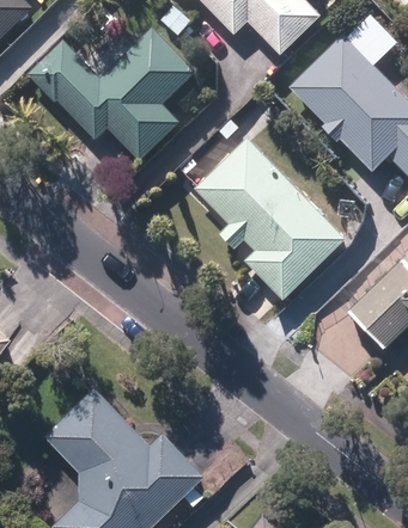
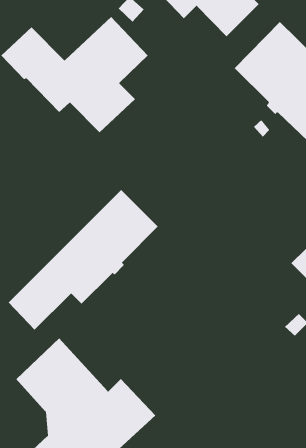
building: [196,140,345,300] -> none
building: none -> [8,189,158,331]

